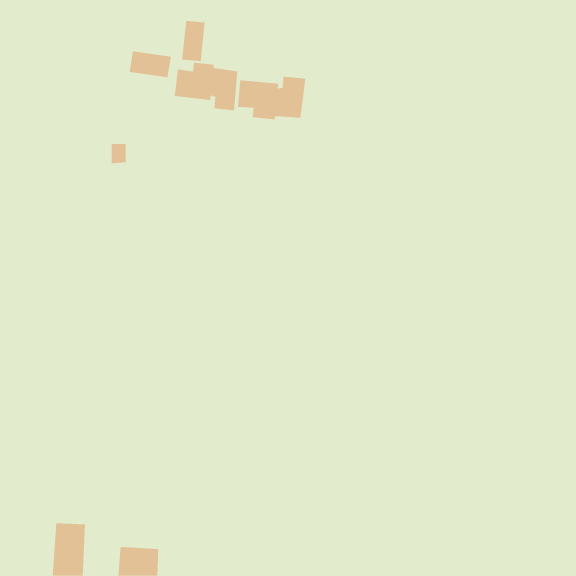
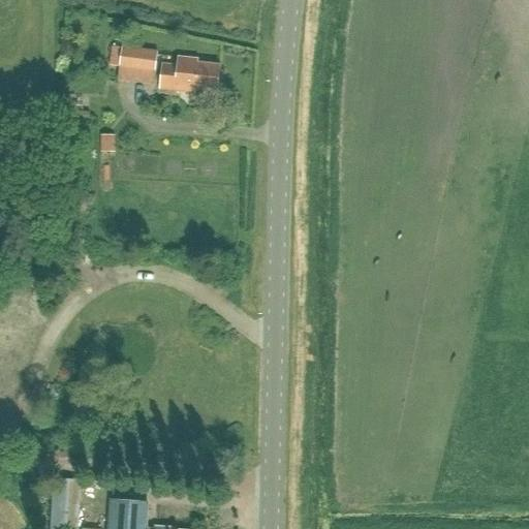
building: [182,20,205,62] -> none
building: [237,76,306,120] -> none

